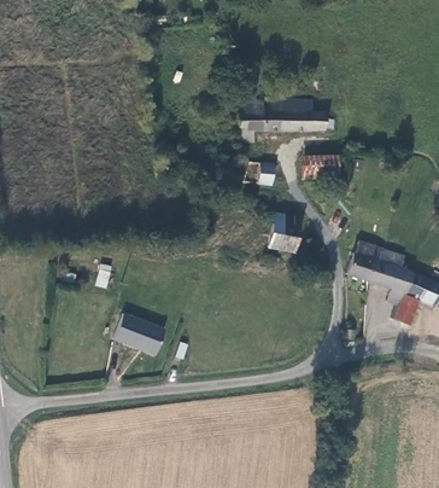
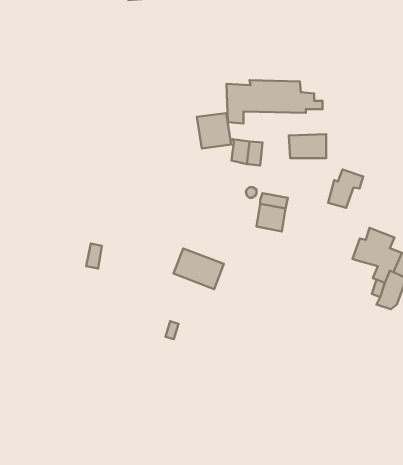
building: none -> [197,113,231,148]
building: [347,240,382,279] -> [328,169,363,208]
building: [113,314,164,355] -> [173,248,224,289]

